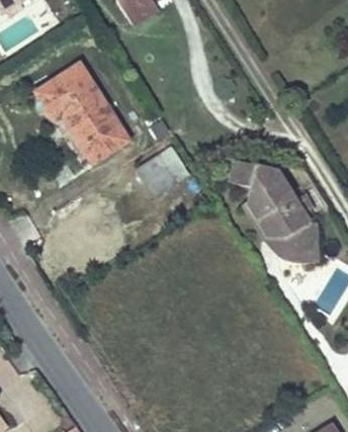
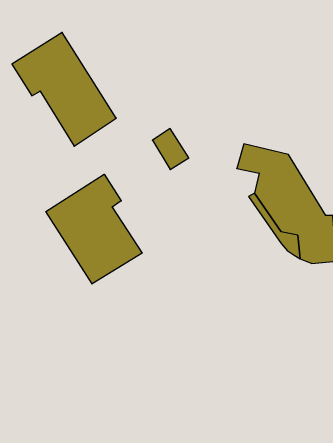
building: [138,157,175,196] -> none
building: none -> [46,174,142,284]

